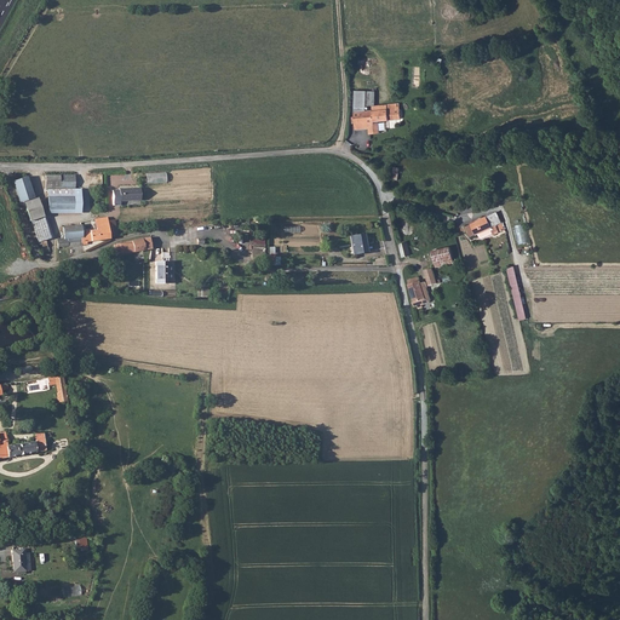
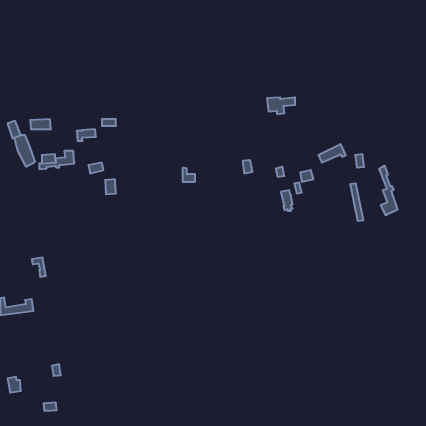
building: [355,108,396,132] -> [267,97,295,114]
building: [46,188,73,208] -> none
building: none -> [379,166,398,215]

